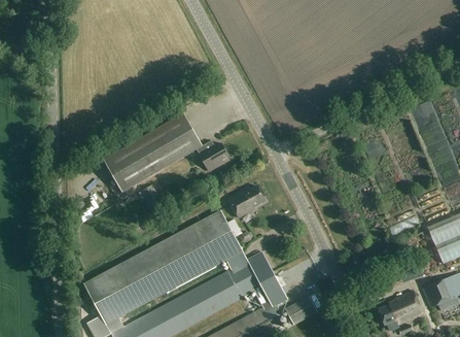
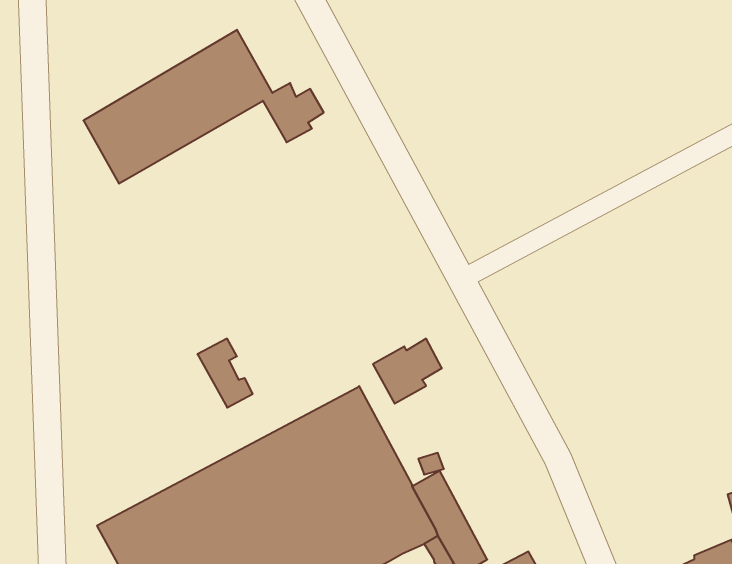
building: [104,112,229,193] -> [83,30,324,184]

